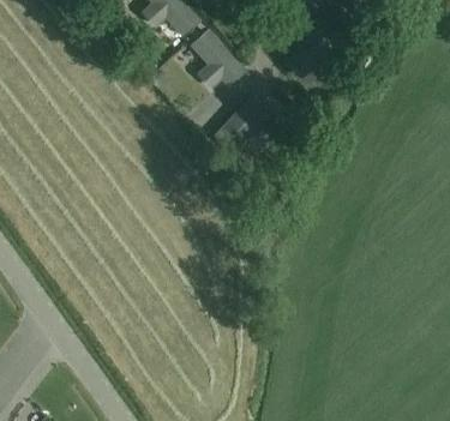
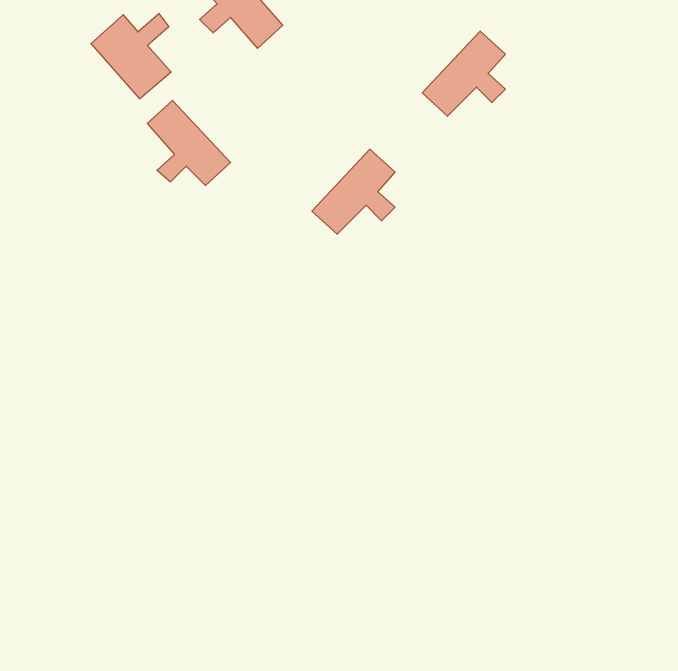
building: none -> [91,13,171,99]
building: [192,30,244,83] -> [147,100,231,186]

